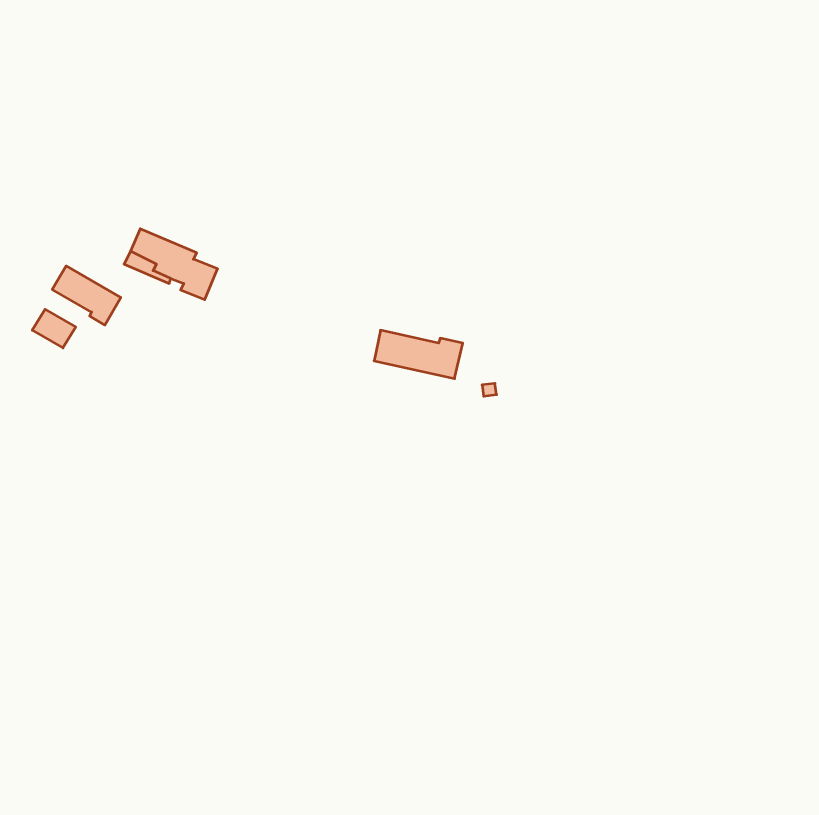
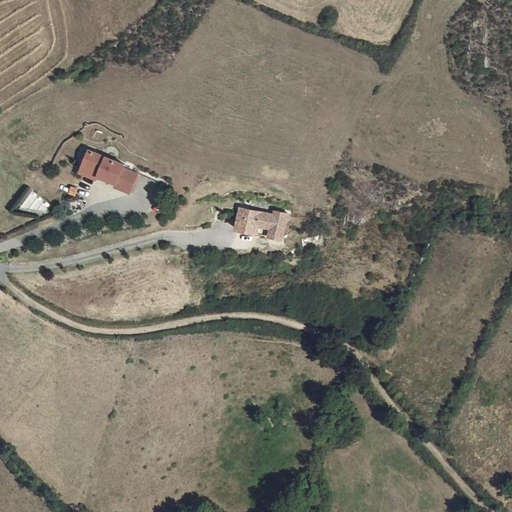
building: [52,266,121,325] -> none

